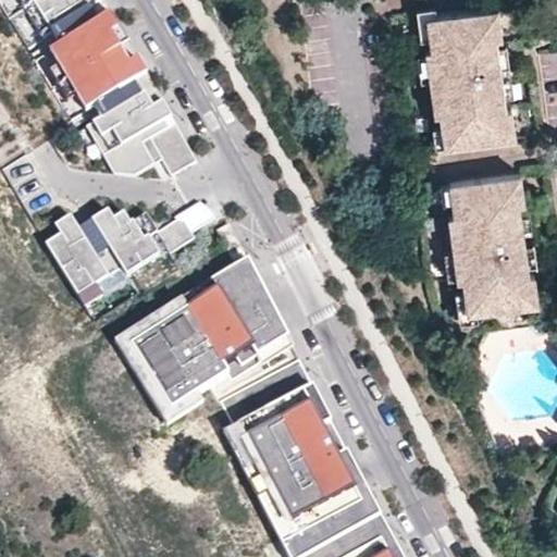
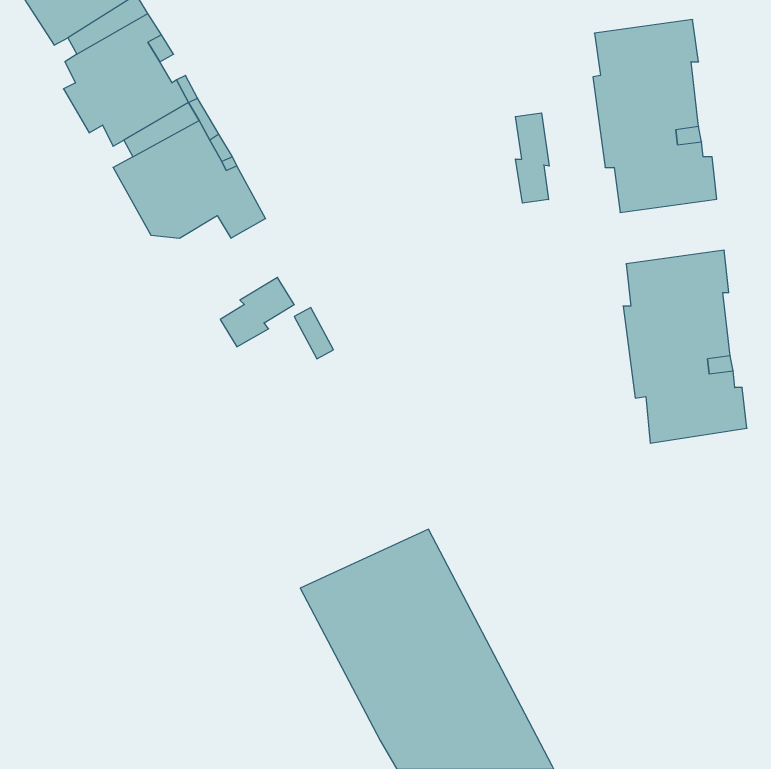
building: none -> [515,113,549,203]
building: [47,206,159,305] -> none
building: [111,256,288,421] -> none

